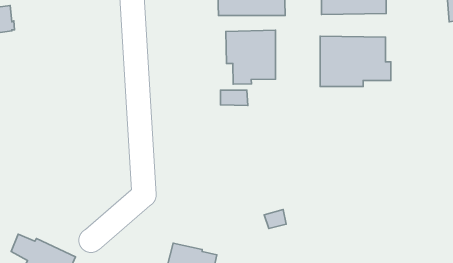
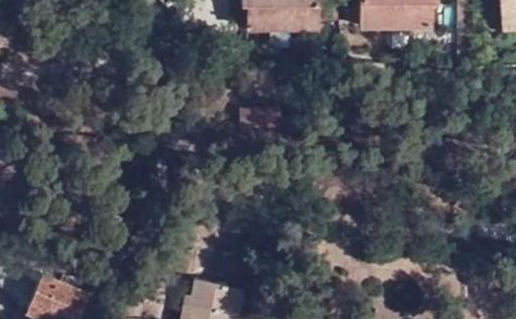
building: [226,30,276,84] -> none
building: [320,36,391,87] -> none

